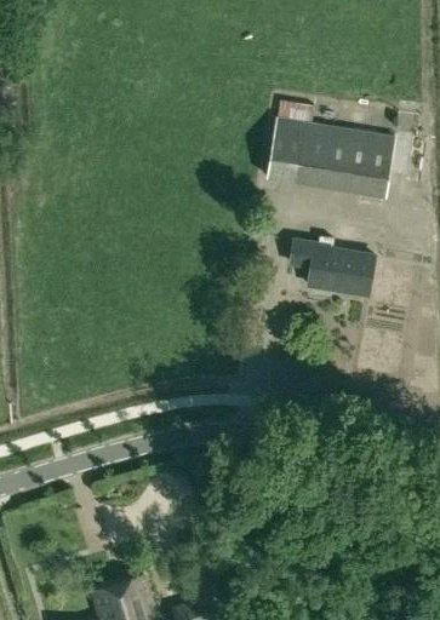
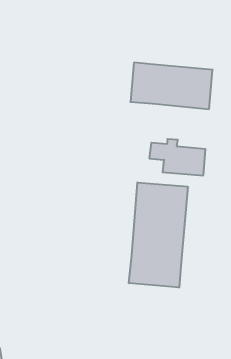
building: none -> [129,182,188,288]

